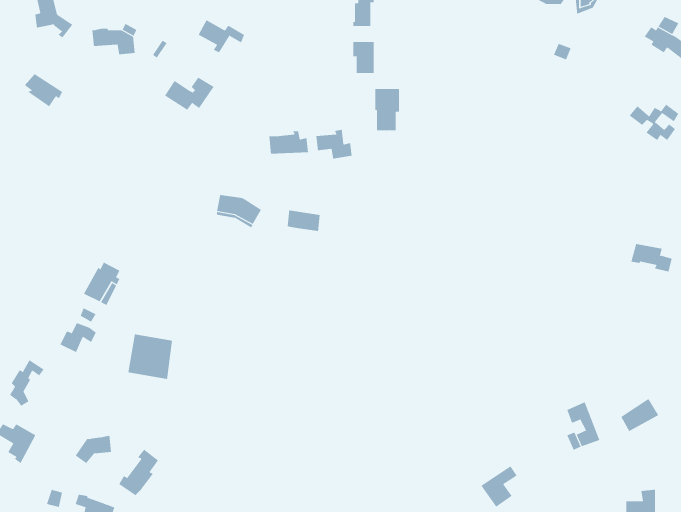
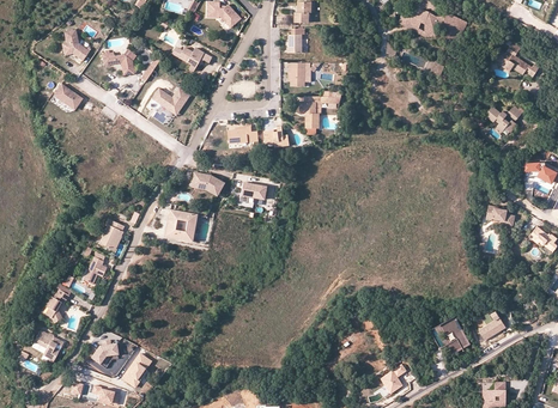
building: [127,334,173,379] -> [164,209,196,242]

